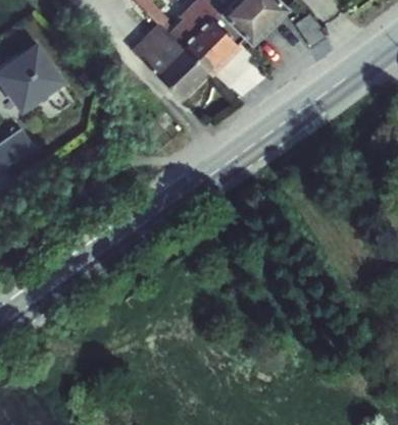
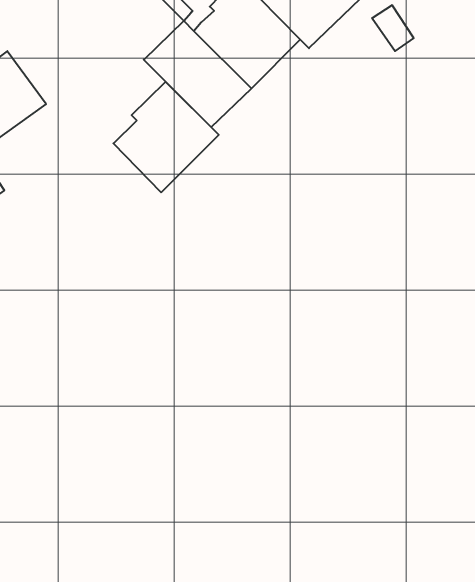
building: none -> [113,82,219,192]

